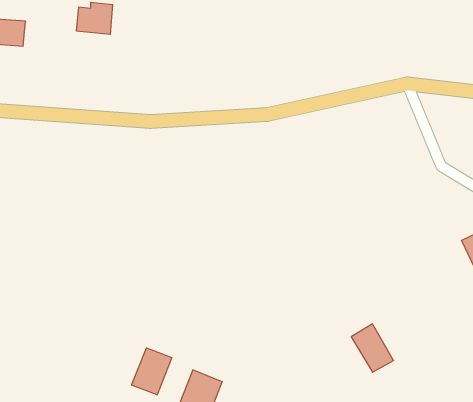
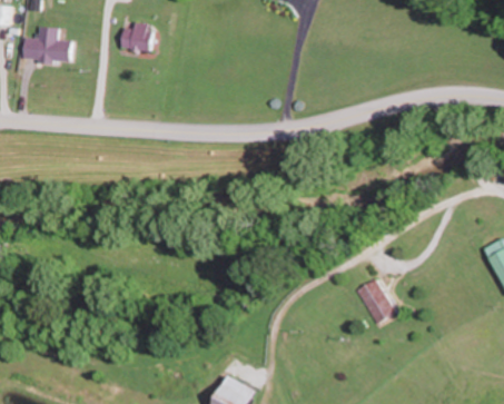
building: [351,324,394,372] -> [355,277,395,323]
building: [132,348,172,395] -> none

